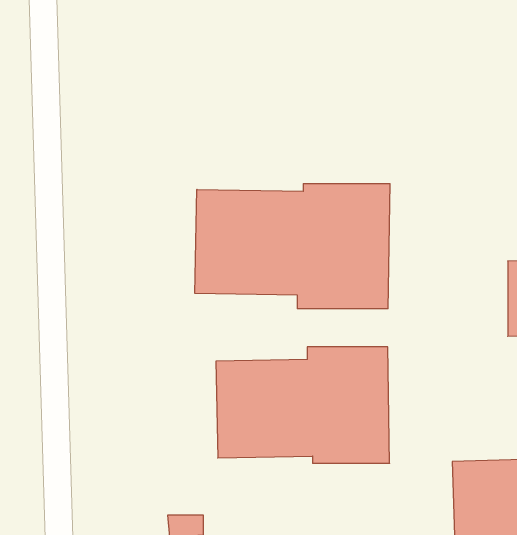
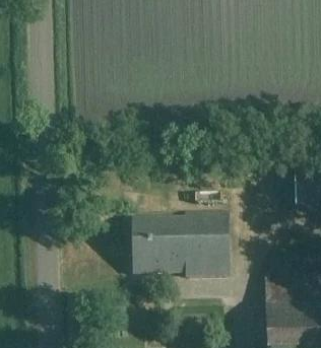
building: [195,184,390,309] -> none

